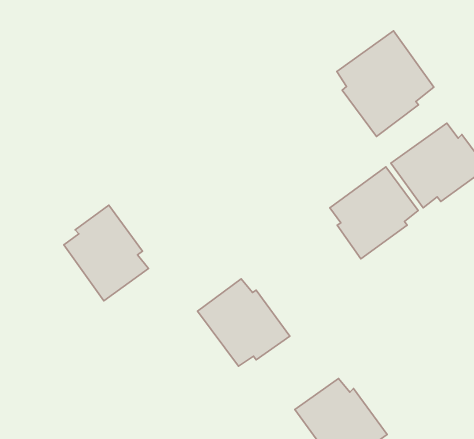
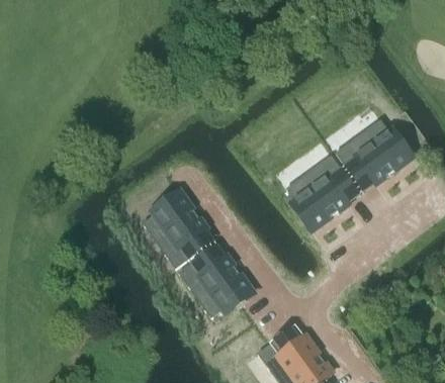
building: [337,31,434,137] -> none
building: [64,205,149,301] -> [144,190,212,268]

